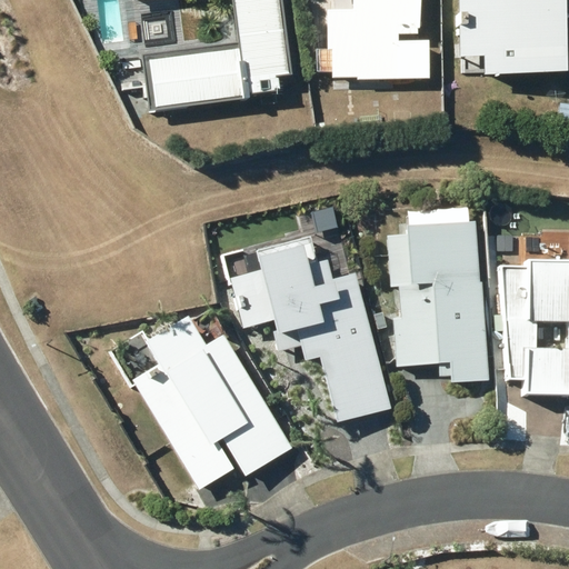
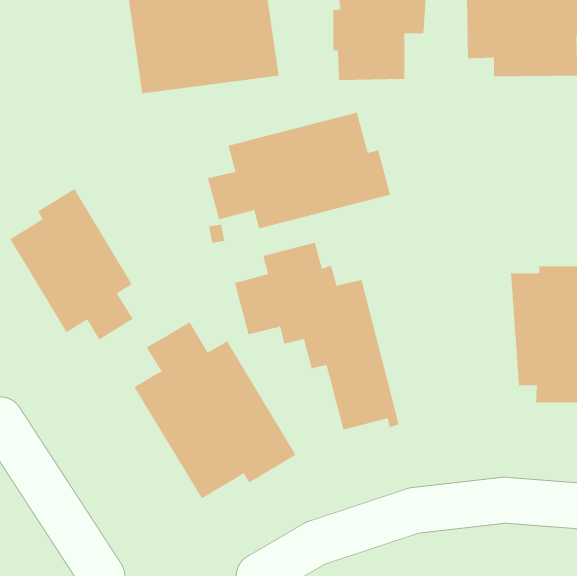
building: none -> [207,112,391,229]
building: none -> [9,188,133,340]
building: [393,221,489,382] -> none

